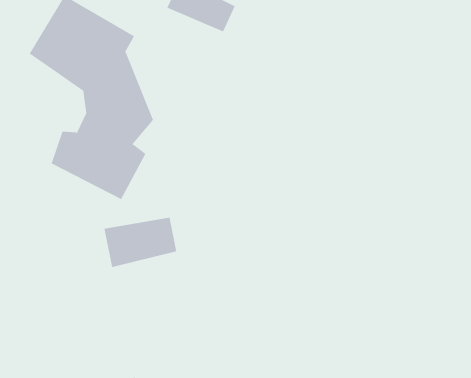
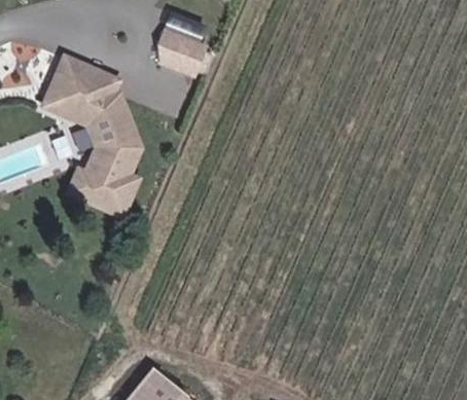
building: [104,217,177,268] -> none

